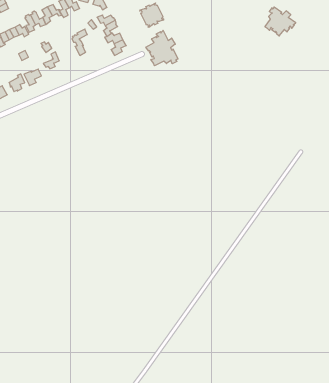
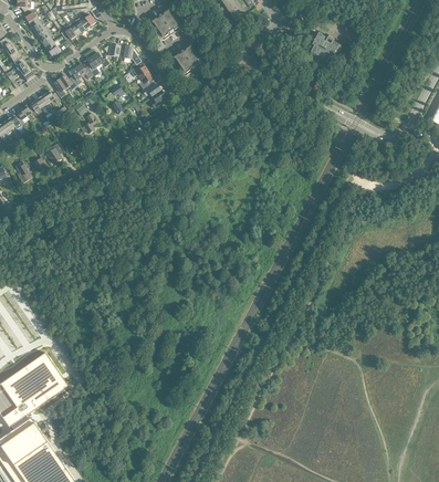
building: [146,30,178,66] -> none

